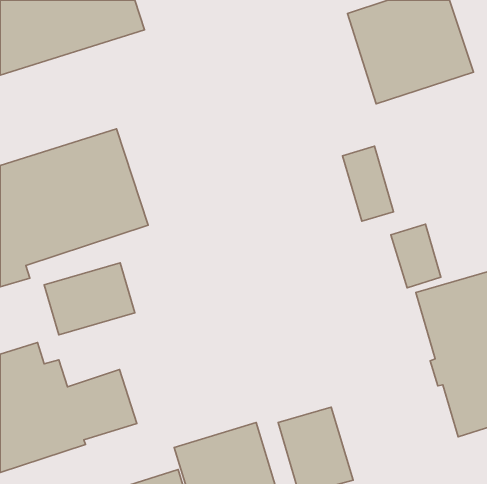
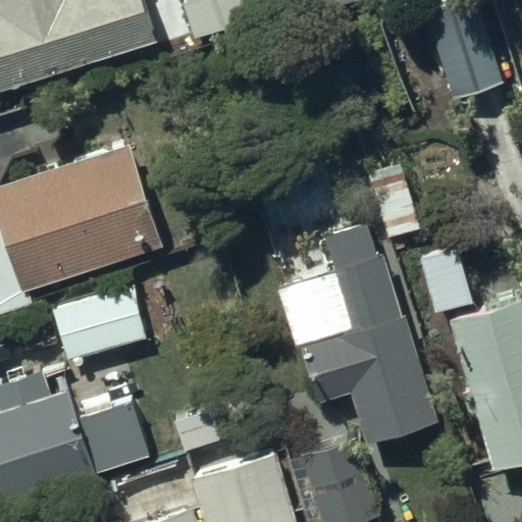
building: none -> [278,219,439,443]

